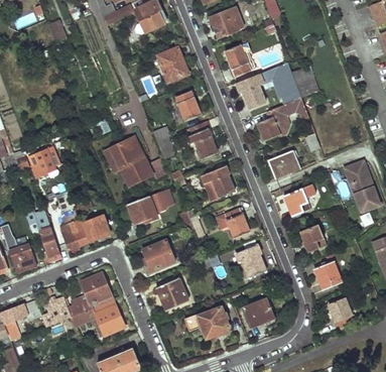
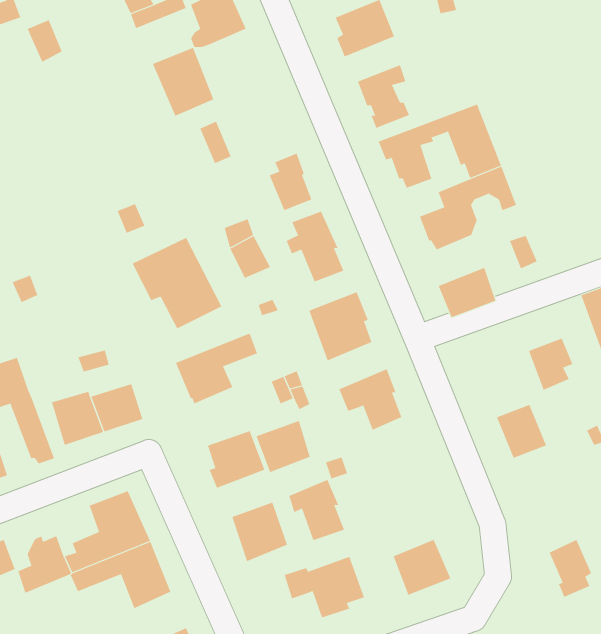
building: [154,47,187,85] -> [152,47,214,116]
building: [283,191,307,219] -> [528,338,573,390]
building: none -> [256,420,311,473]
building: [235,246,265,279] -> [288,479,345,541]
building: [312,263,340,292] -> none

